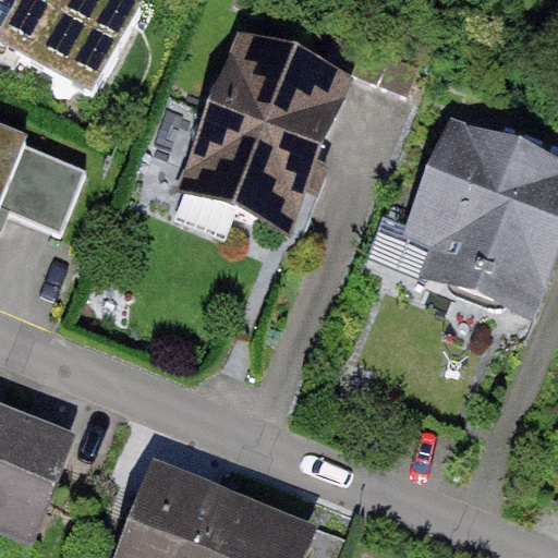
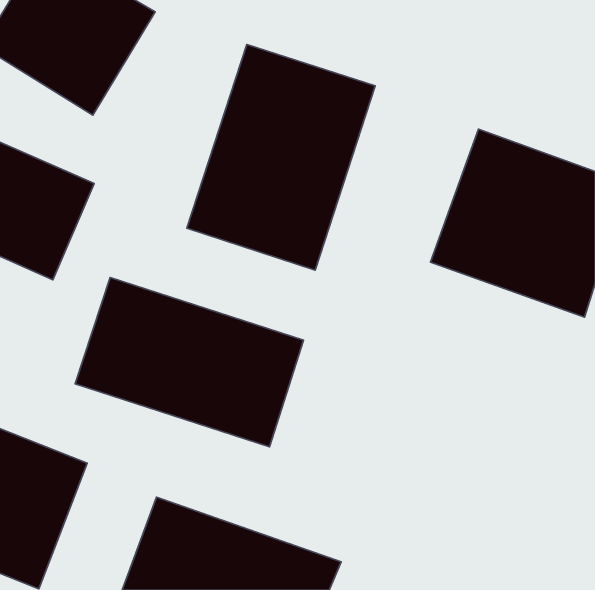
building: none -> [75,278,304,447]

